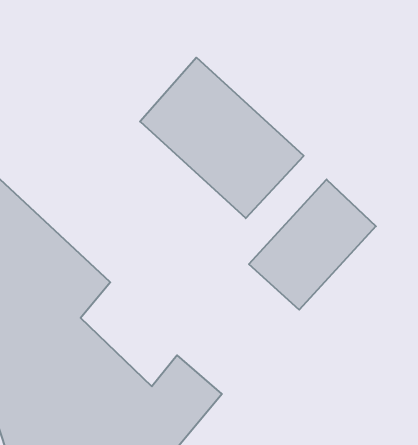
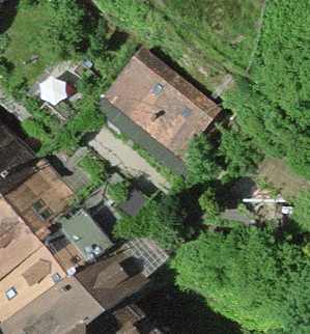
building: [249,179,376,310] -> none

